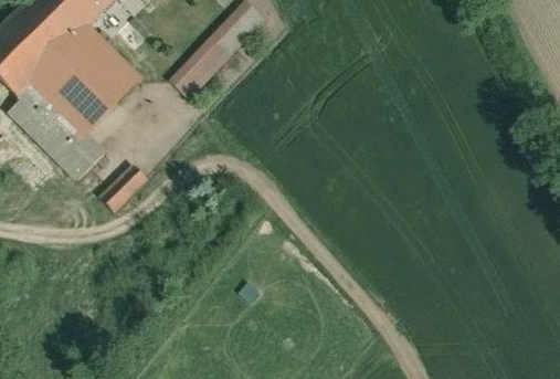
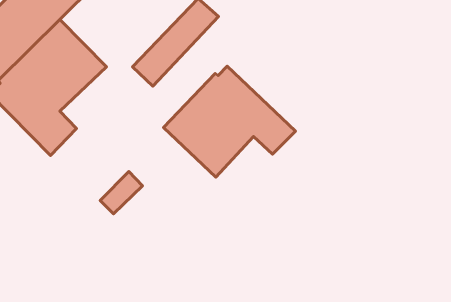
building: none -> [164,66,296,177]
building: [96,162,145,211] -> [100,171,143,214]

